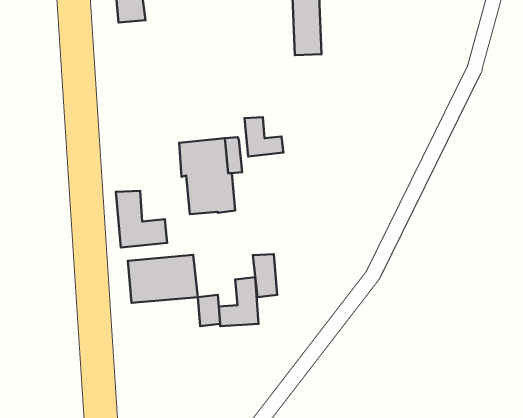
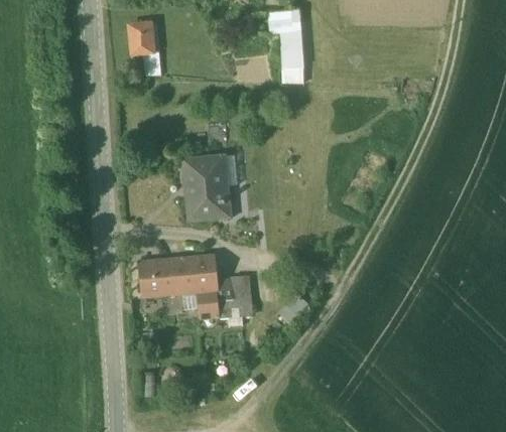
building: [244,117,283,157] -> none
building: [116,191,167,248] -> none
building: [253,254,277,297] -> [195,255,216,292]

